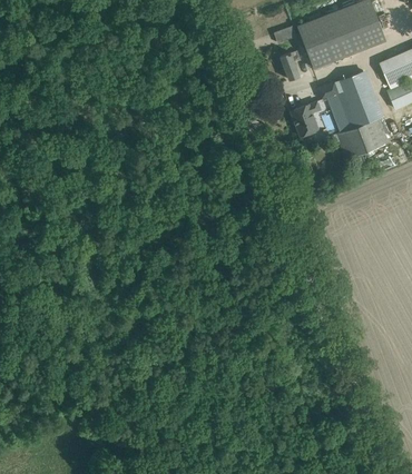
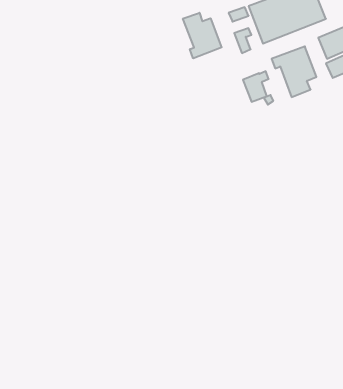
building: none -> [183,13,222,58]
building: [336,119,388,159] -> none

